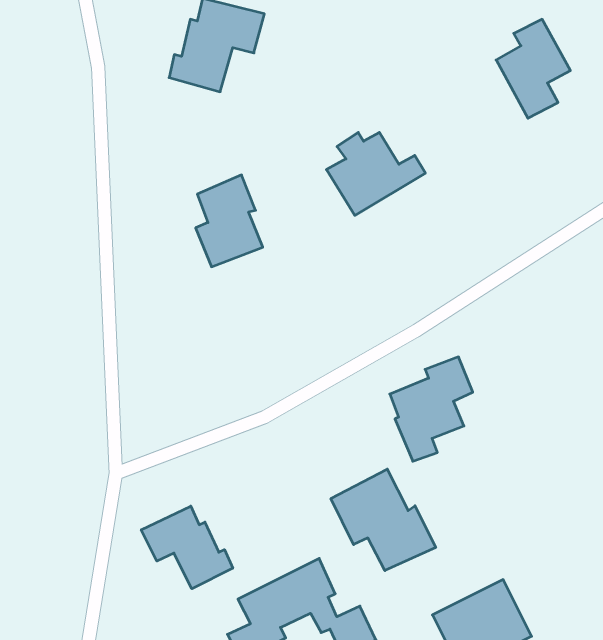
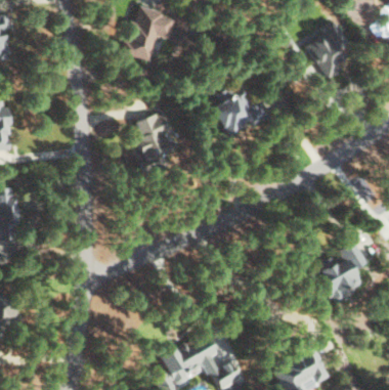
building: [390,357,473,461] -> [318,244,366,304]
building: [331,469,436,571] -> none
building: [141,506,233,589] -> none

